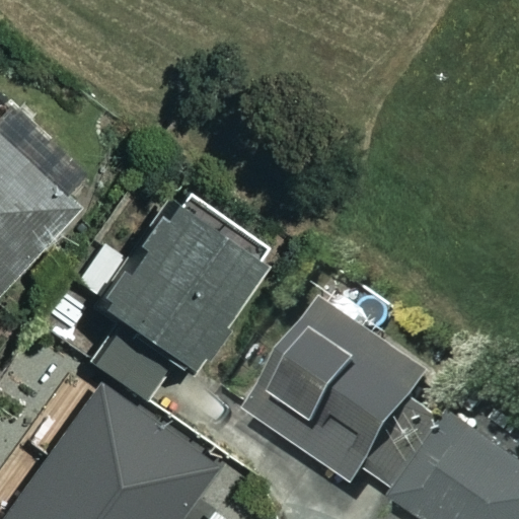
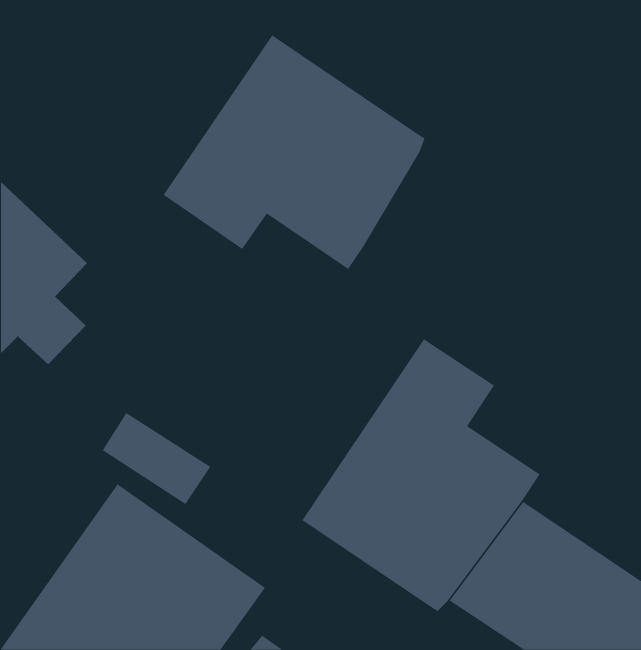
building: none -> [163,34,425,270]
building: [75,193,263,365] -> none

